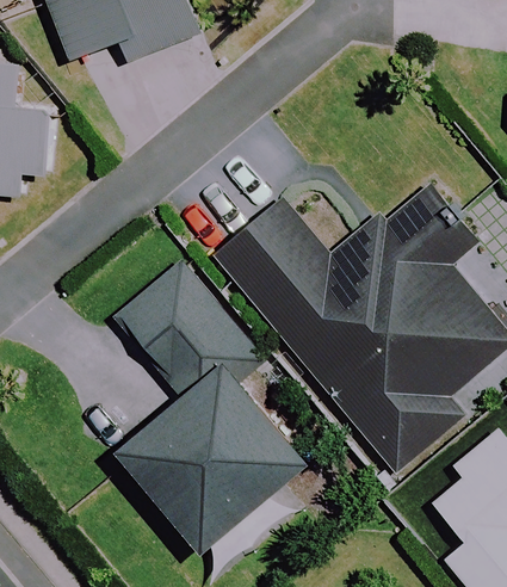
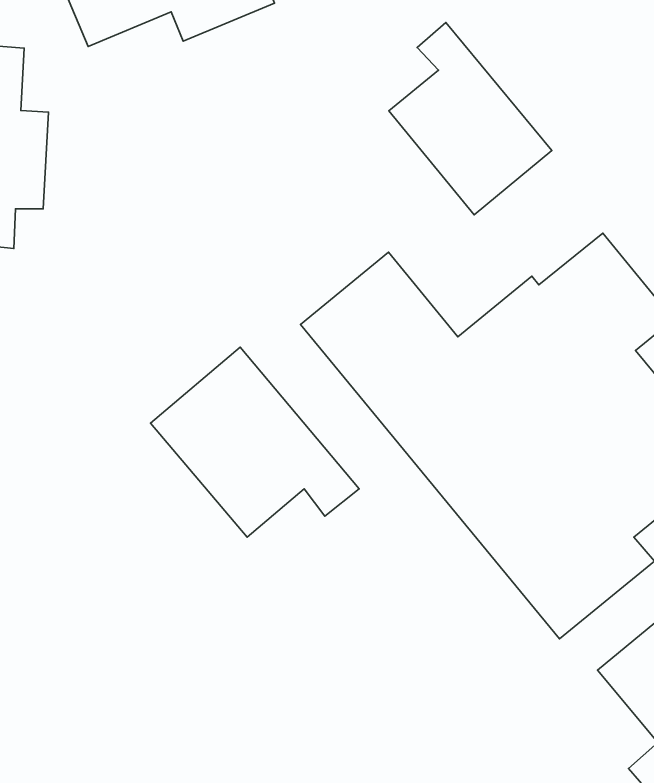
building: none -> [389,22,552,215]
building: [120,365,307,552] -> none

